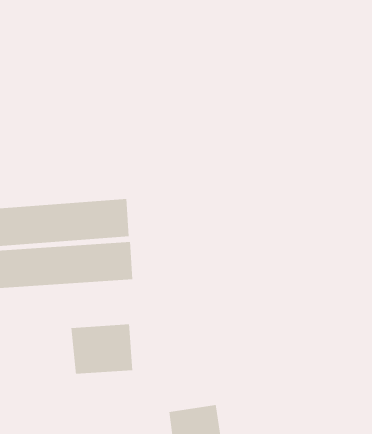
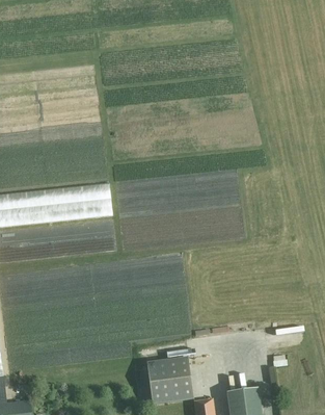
building: [71,323,133,375] -> none

